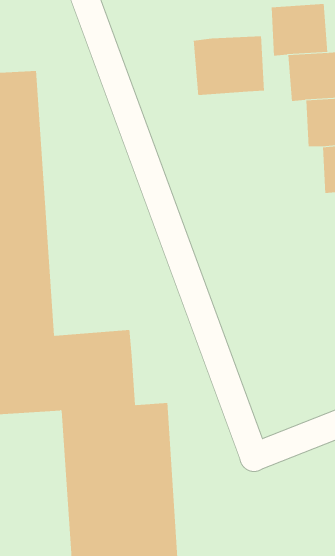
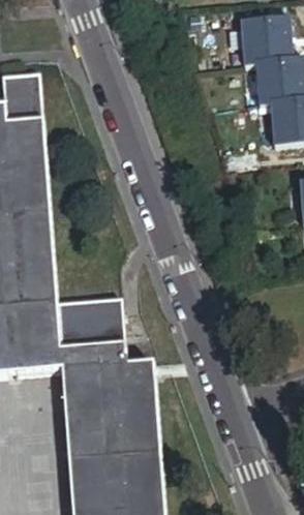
building: [193,35,265,96] -> none

